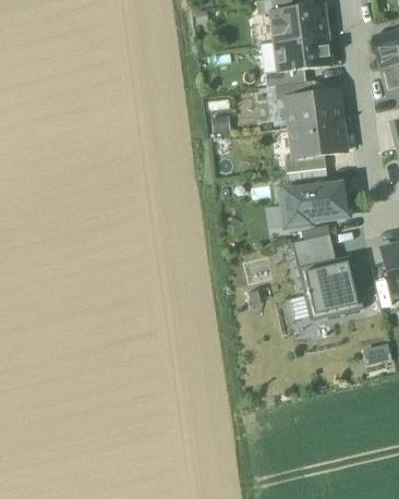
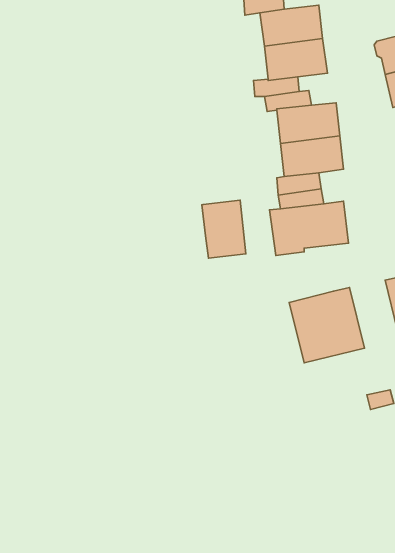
building: none -> [202,200,246,258]
building: [291,233,336,268] -> none

